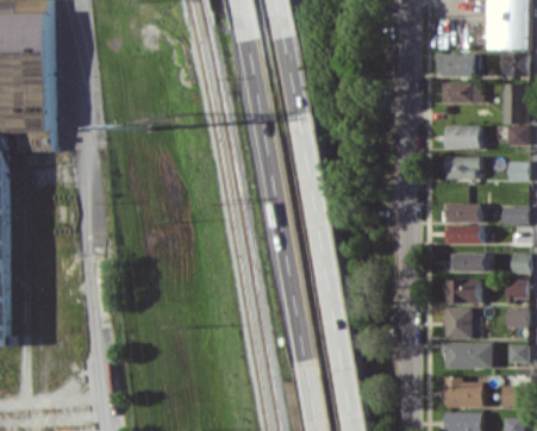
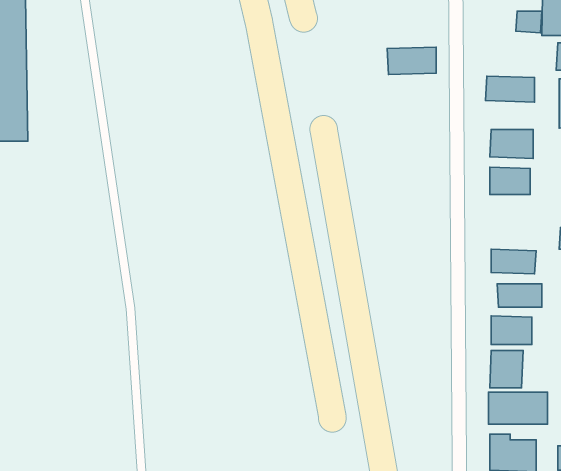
building: [436,54,476,76] -> [387,47,436,75]
building: [444,202,480,223] -> none

